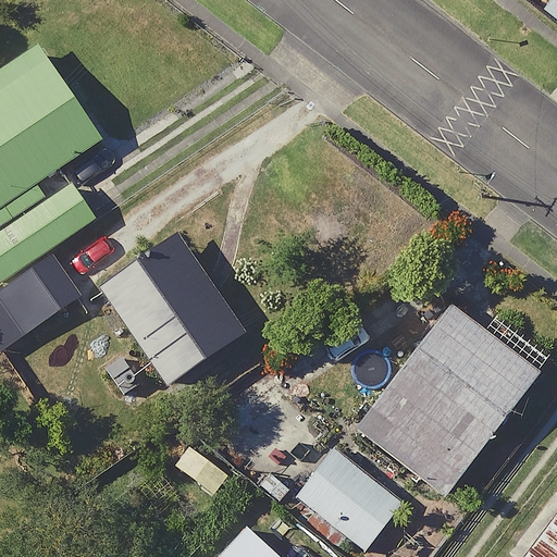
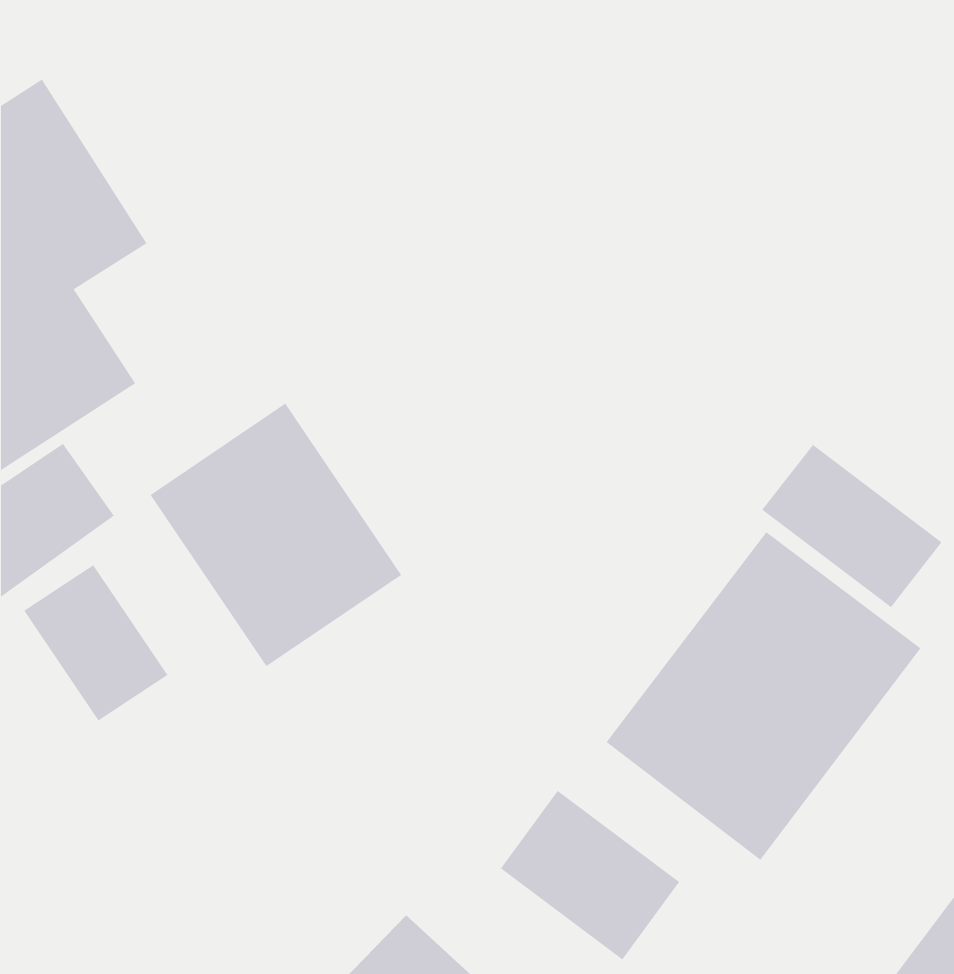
building: none -> [761,444,943,608]
building: none -> [23,564,169,722]

